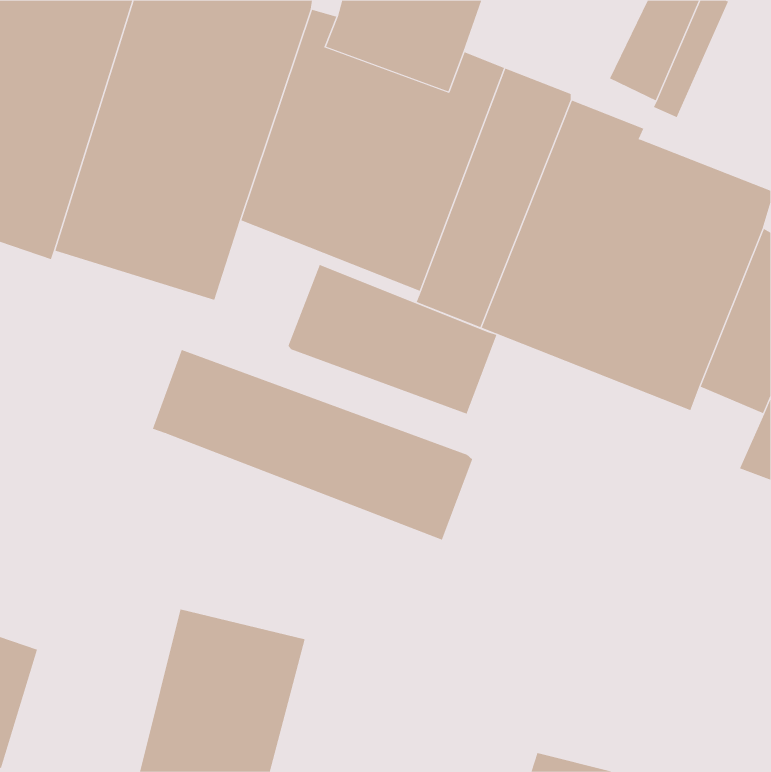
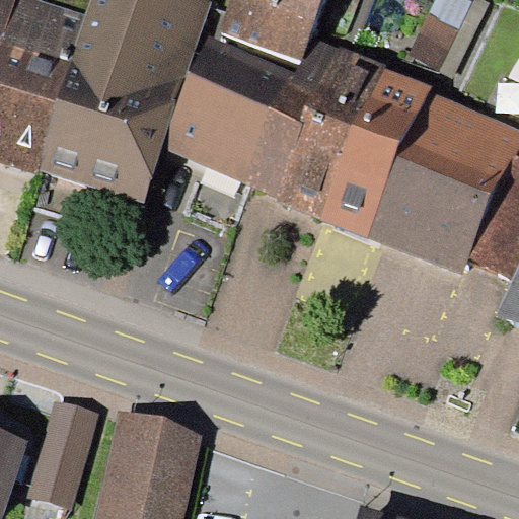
building: [288,264,497,415] -> none
building: [152,349,473,540] -> none
building: none -> [28,399,99,507]

